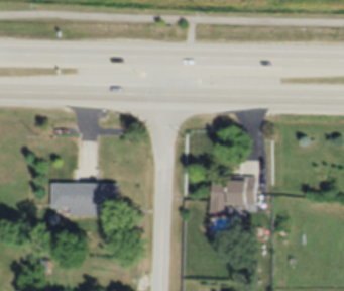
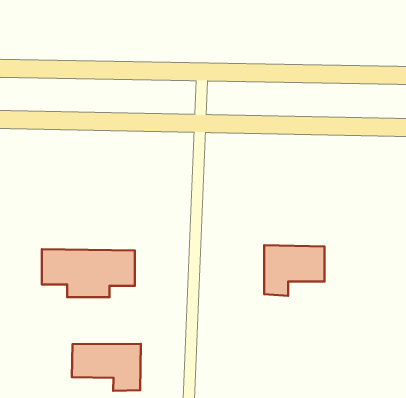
building: none -> [72,344,141,391]

